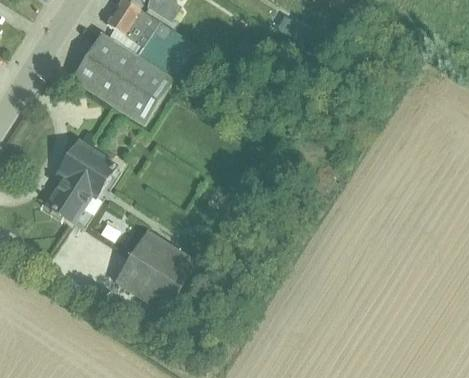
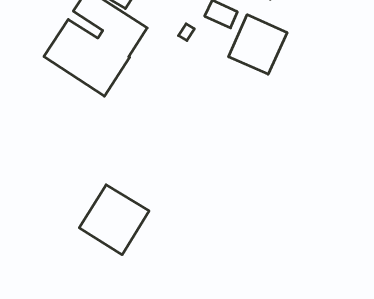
building: none -> [229,15,287,74]
building: [43,139,115,221] -> none

